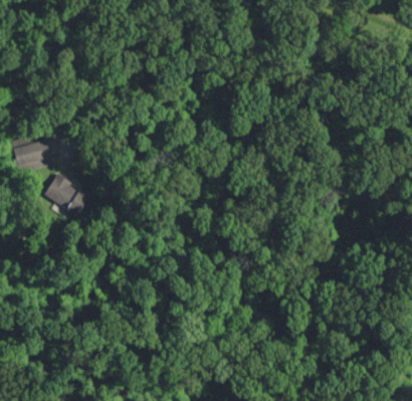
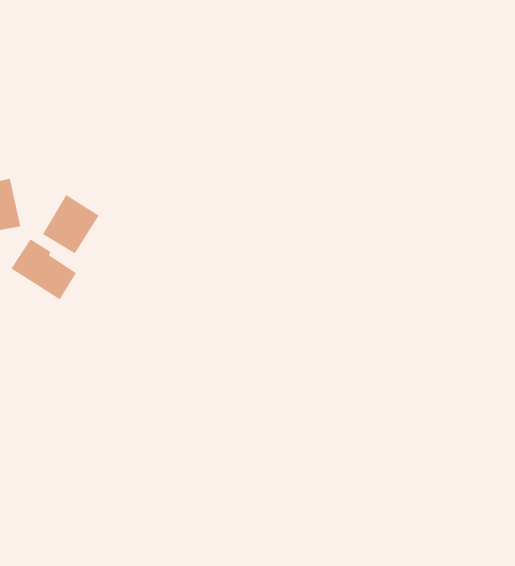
building: none -> [42,194,99,254]

